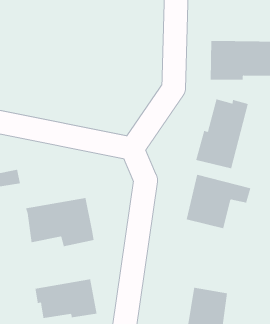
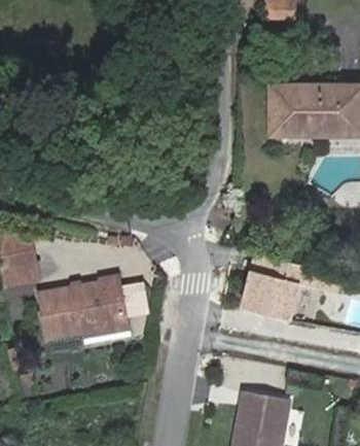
building: [196,99,249,169] -> none
building: [35,278,97,319] -> none

